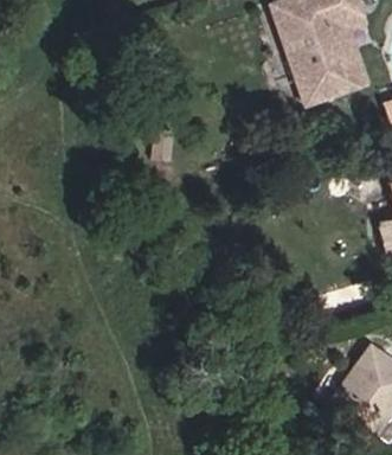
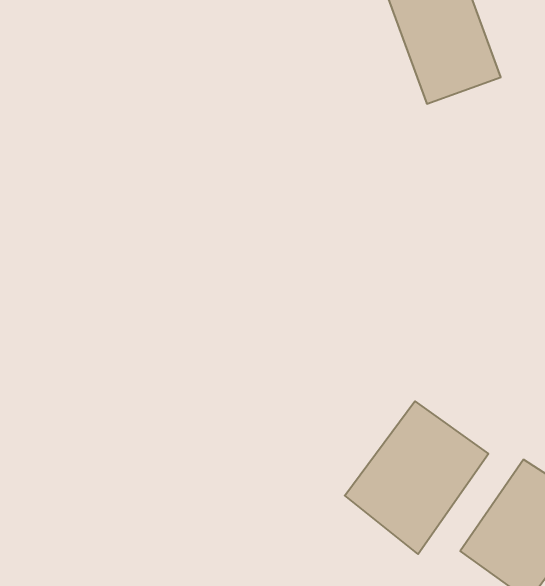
building: none -> [345,401,488,554]

